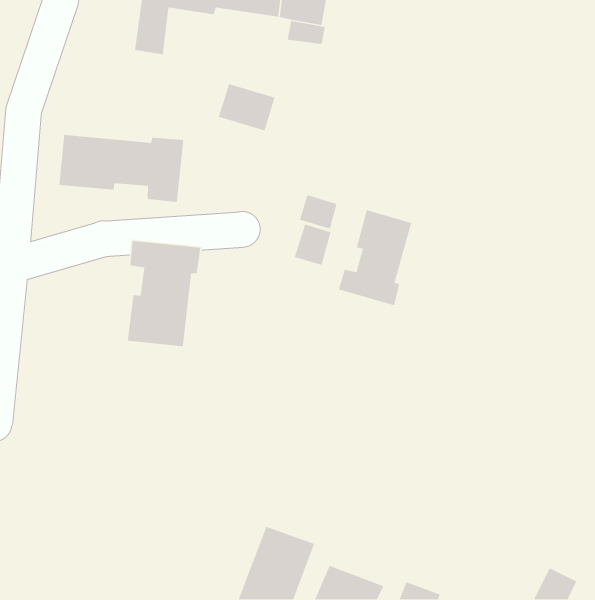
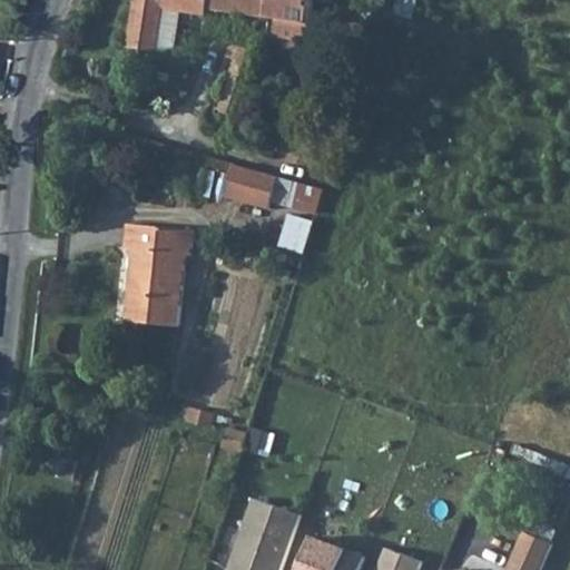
building: [218,83,276,131] -> [219,166,274,212]
building: [58,134,184,203] -> none
building: [338,209,412,306] -> none

